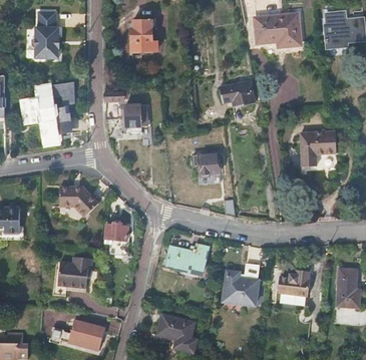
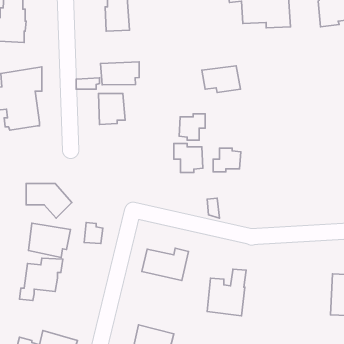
building: none -> [100,62,139,85]
building: none -> [179,114,205,140]
building: [301,130,336,166] -> none
building: none -> [213,148,241,172]
building: none -> [29,223,70,258]
building: [276,270,308,296] -> none

